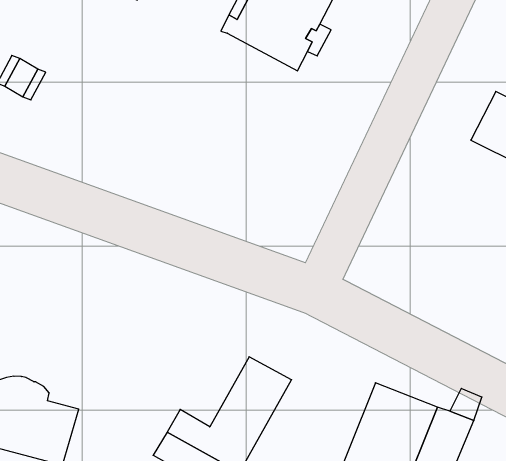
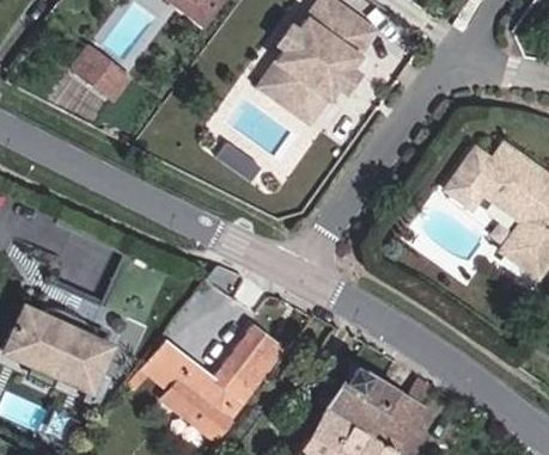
building: none -> [255,63,327,128]
building: none -> [140,338,187,385]

